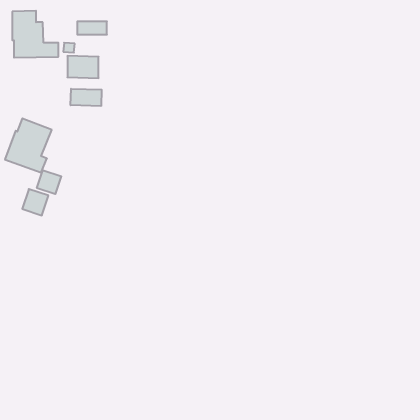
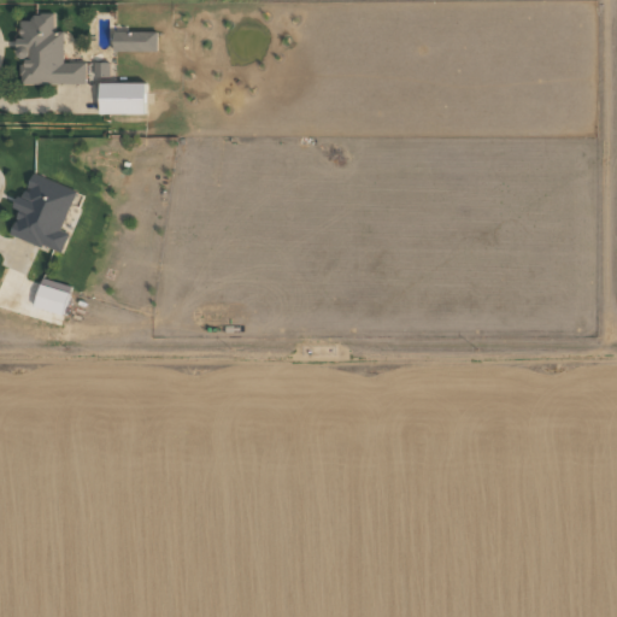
building: [71,89,102,106] -> none
building: [37,170,61,194] -> none

